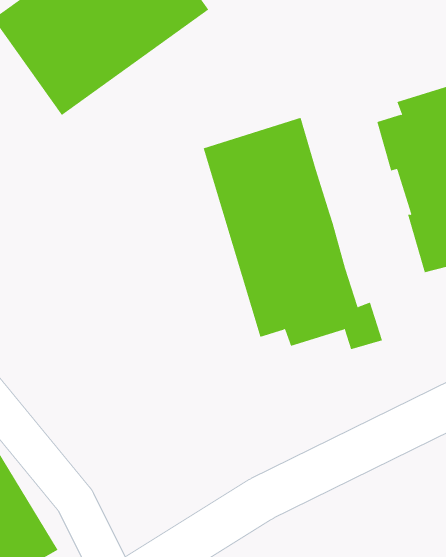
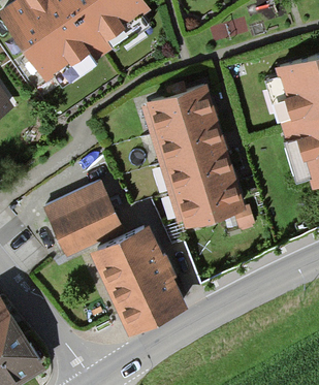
building: none -> [42,180,119,252]
building: none -> [95,225,186,328]

